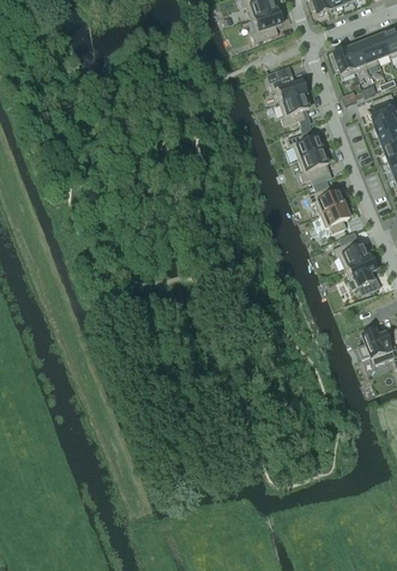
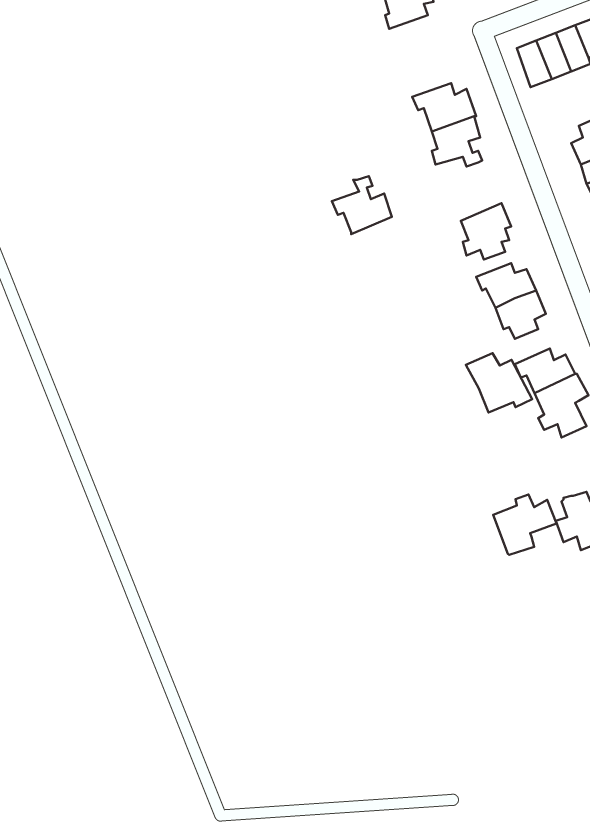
building: [287,124,324,160] -> [332,176,392,234]
building: none -> [466,353,532,412]
building: none -> [493,495,557,555]

